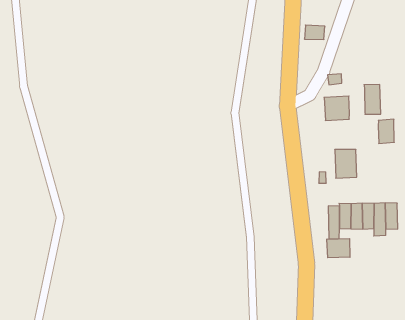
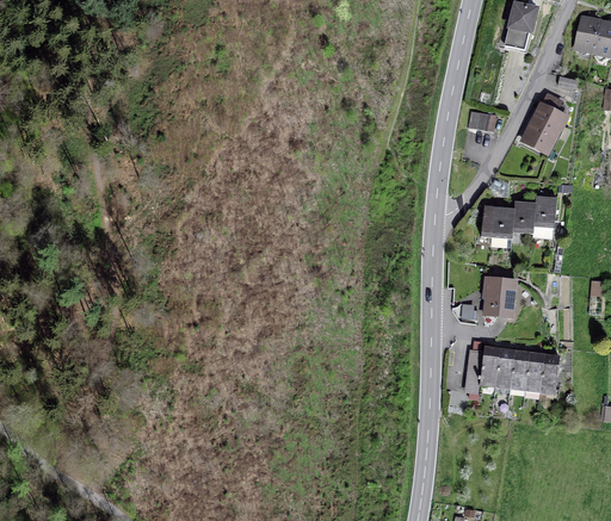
building: none -> [523,95,566,153]
building: [378,119,394,143] -> [513,201,537,232]
building: [327,239,350,258] -> none

